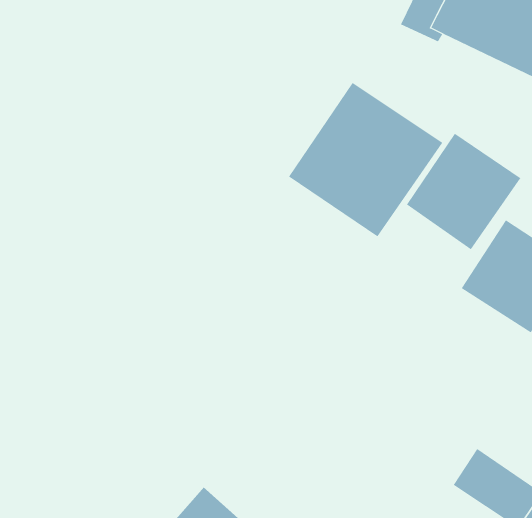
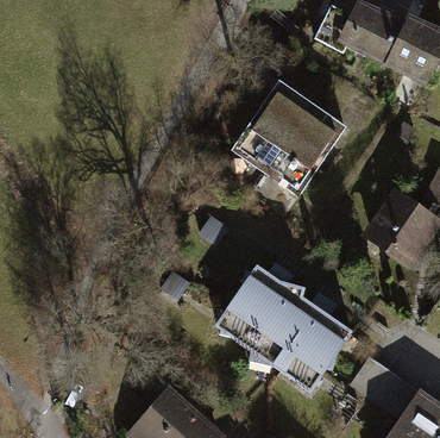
building: [406,133,521,250] -> none
building: none -> [214,264,352,393]

